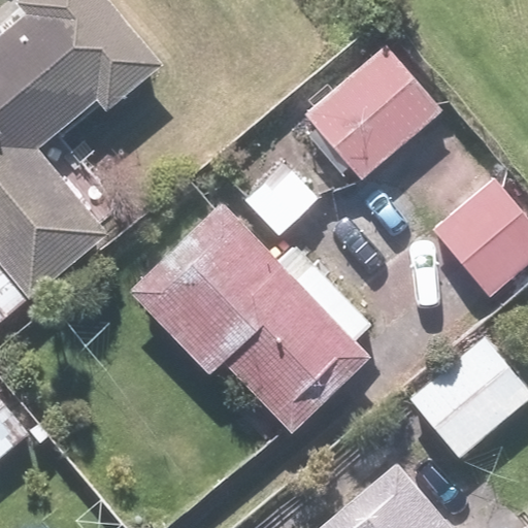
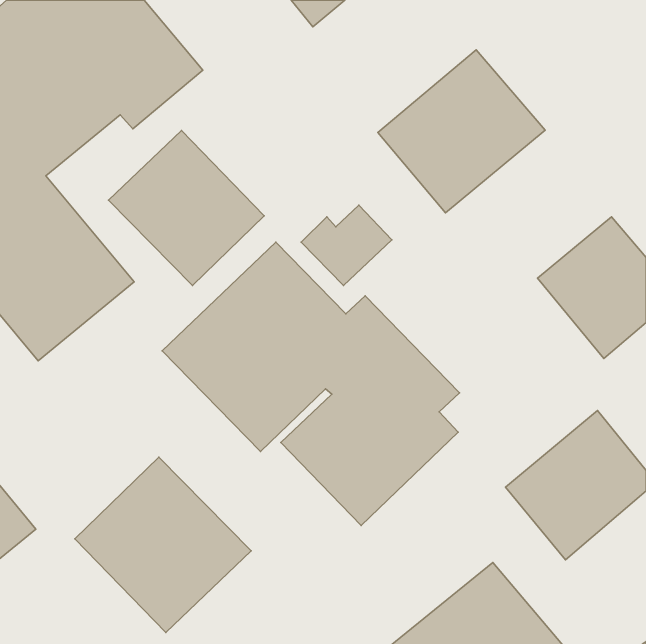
building: none -> [108,130,264,286]
building: none -> [75,457,251,632]

